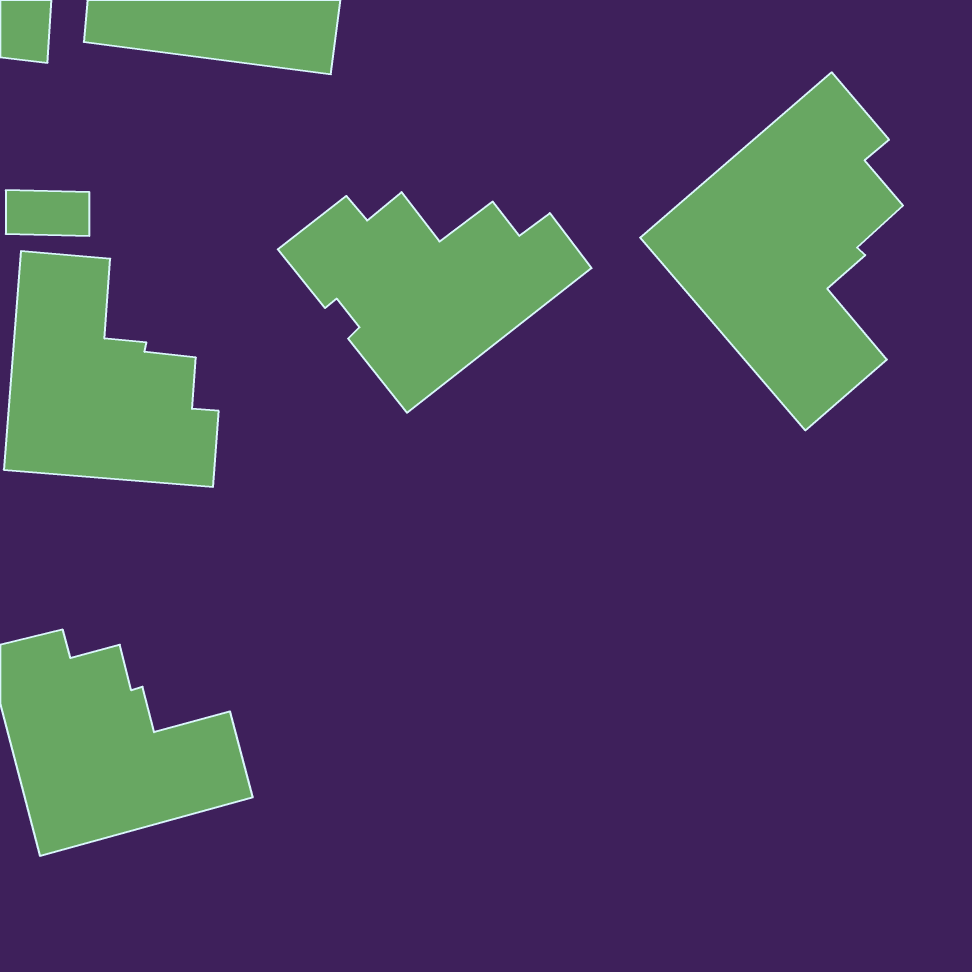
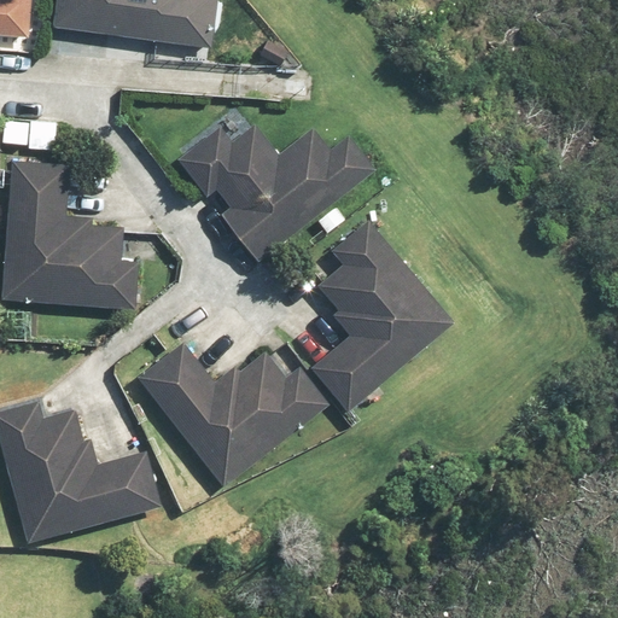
building: [640,72,903,430] -> none
building: none -> [310,220,454,412]
building: none -> [138,342,328,486]

